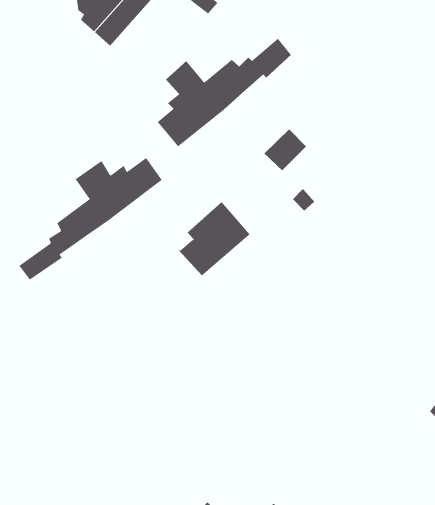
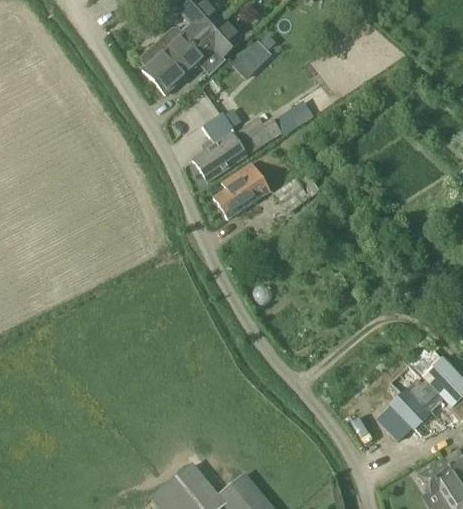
building: [18,157,162,281] -> none
building: [178,201,250,276] -> [211,162,270,219]

